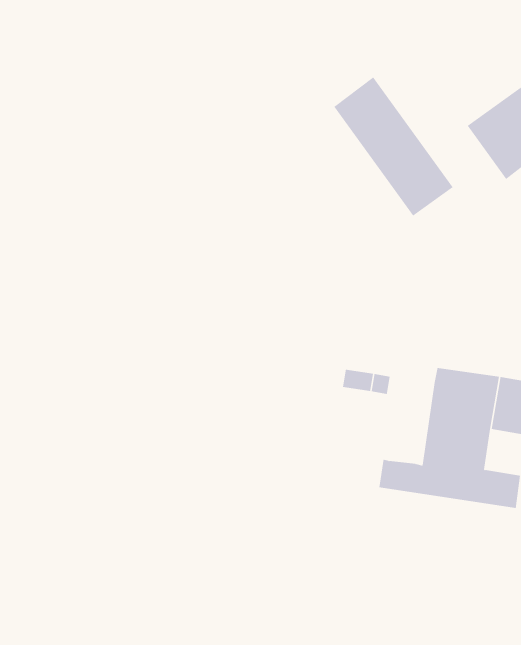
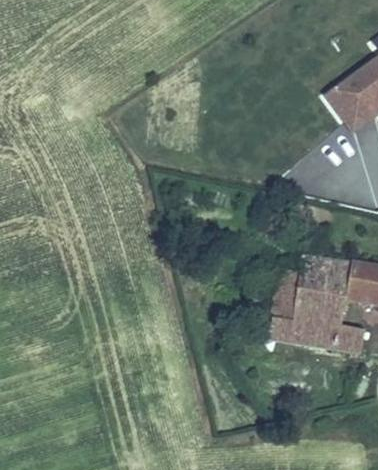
building: [333,77,453,217] -> none
building: none -> [275,263,305,321]

